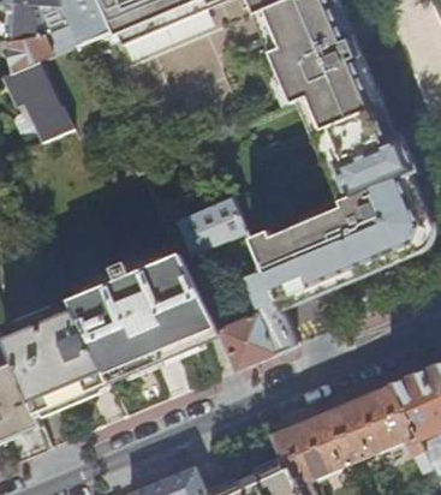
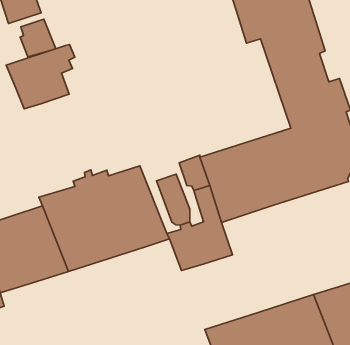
building: none -> [6,44,75,109]
building: [177,198,244,256] -> none

